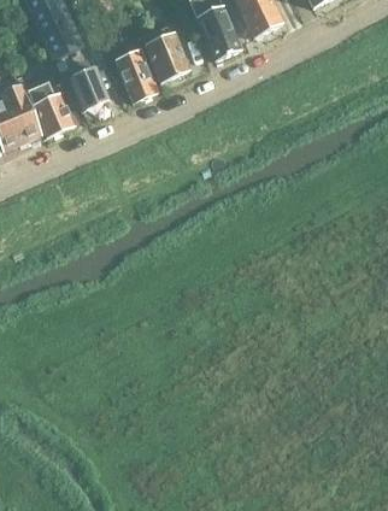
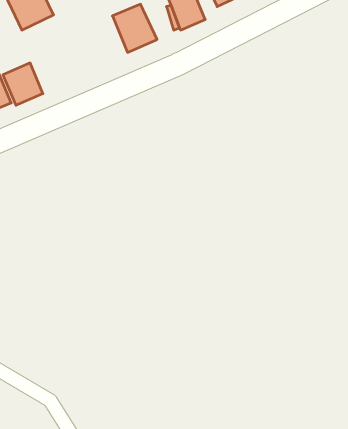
building: [114,48,158,101] -> none
building: [69,66,110,111] -> none

